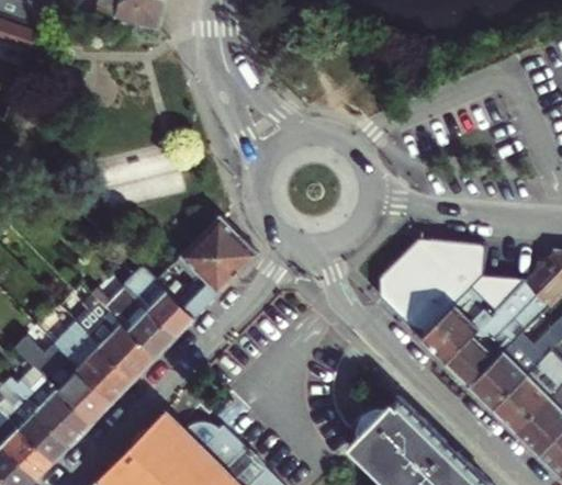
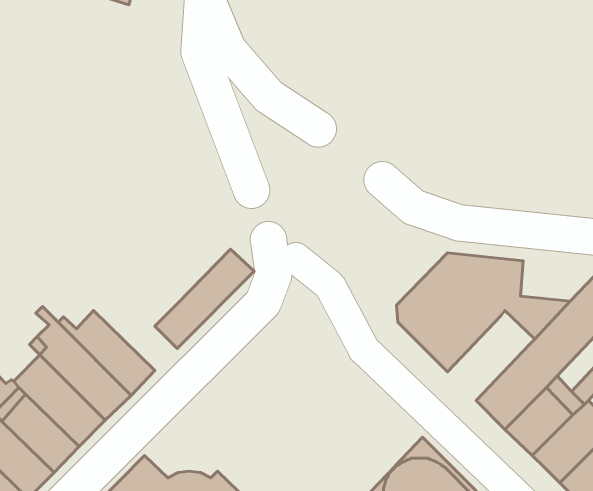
building: [175,217,239,282] -> none
building: [123,268,194,338] -> none
building: [422,292,491,363] -> none

